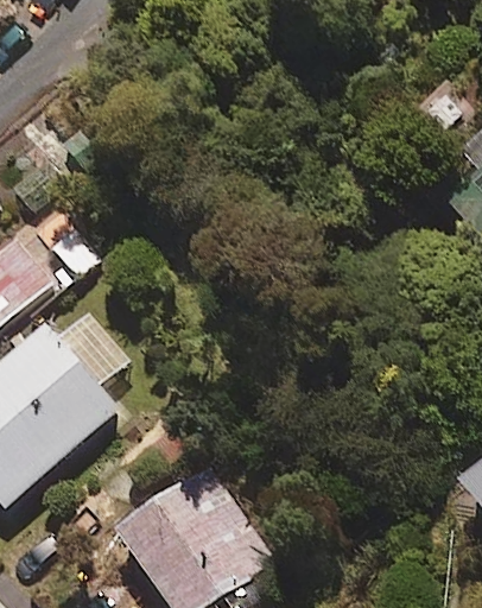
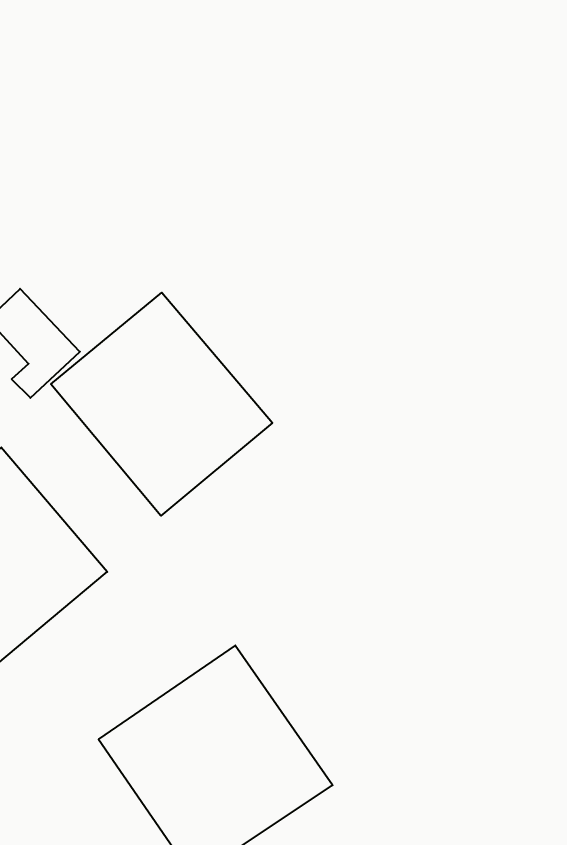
building: none -> [51,293,272,516]

